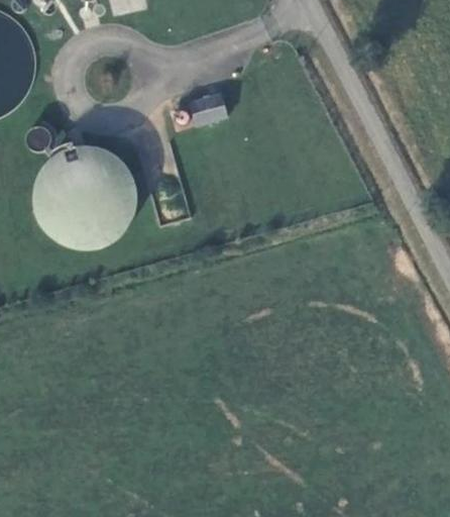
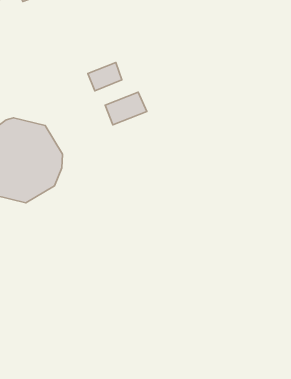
building: none -> [105,92,147,125]

